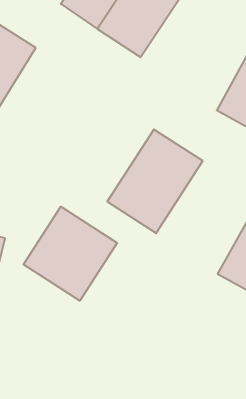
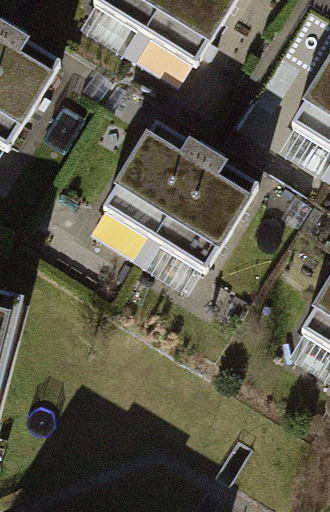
building: none -> [94,129,203,250]
building: [24,207,117,301] -> none

